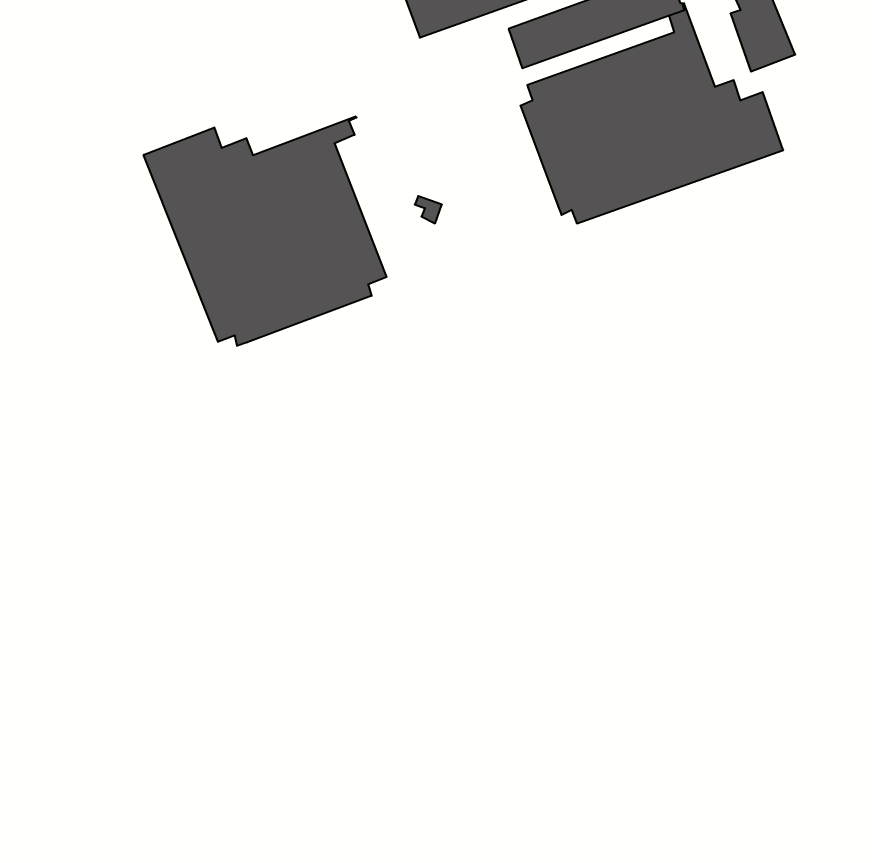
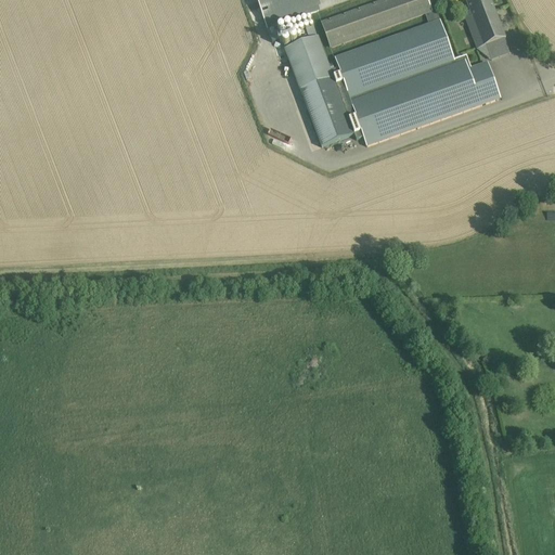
building: none -> [284,33,354,143]
building: [144,116,387,346] -> none

